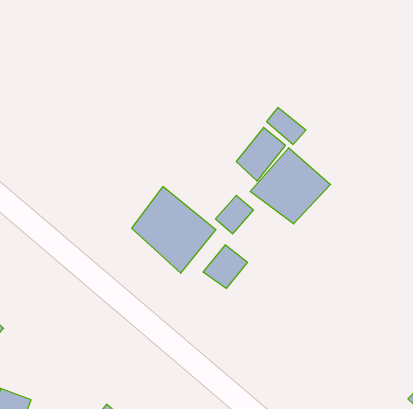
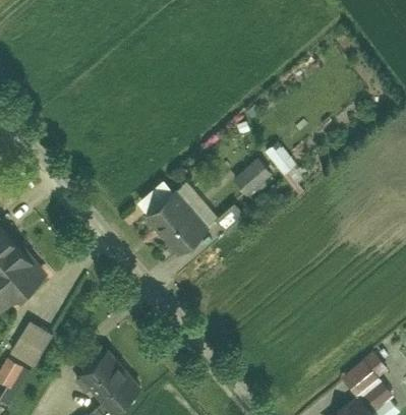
building: [250,148,331,224] -> none
building: [203,245,248,288] -> none

